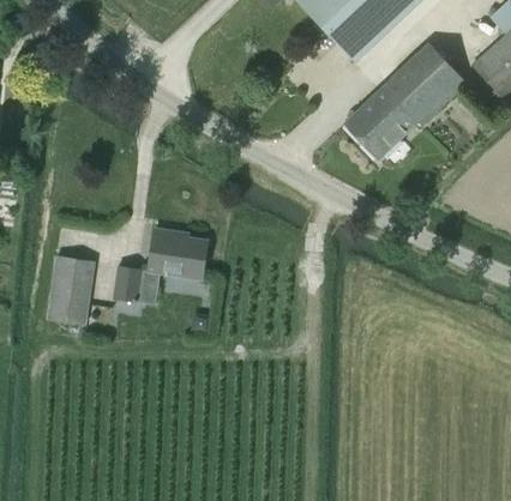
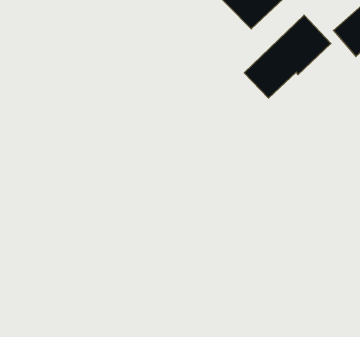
building: [113,229,206,301] -> none
building: [48,255,94,322] -> none

